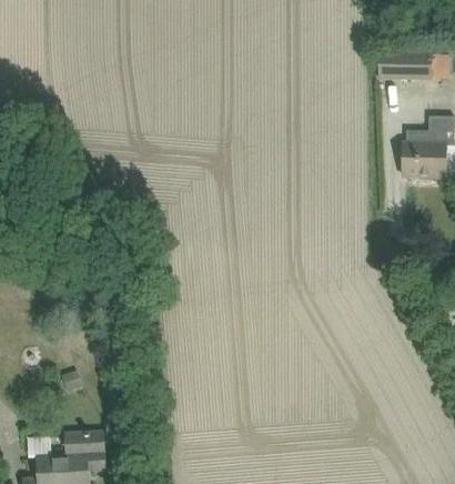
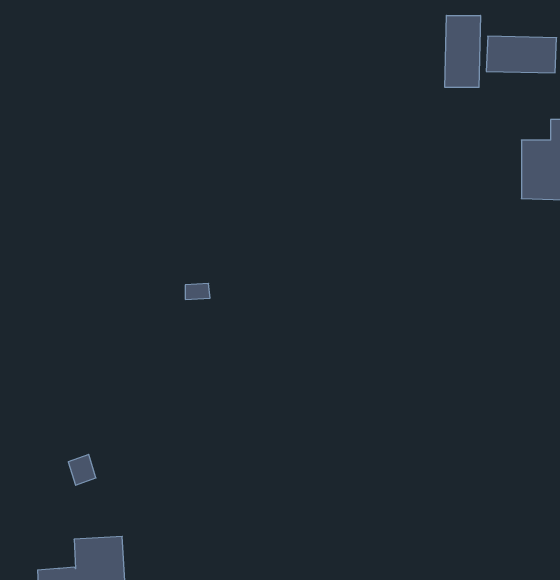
building: none -> [445,15,480,87]

